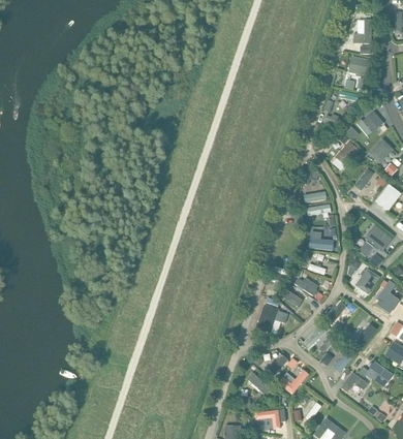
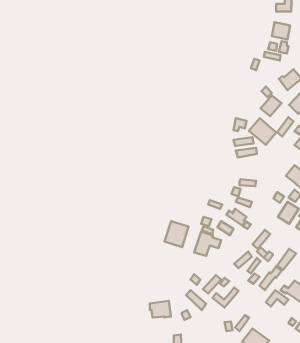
building: none -> [249,118,276,145]
building: none -> [164,221,189,247]
building: [255,409,280,429] -> [150,301,171,318]

